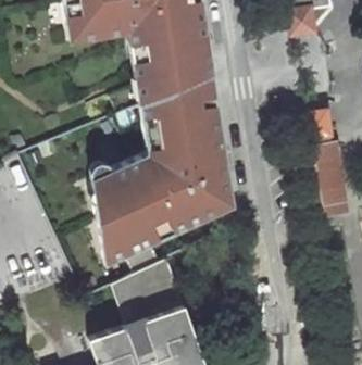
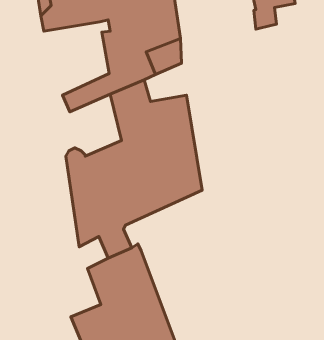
building: [172,71,216,111] -> none
building: [302,112,344,213] -> none

